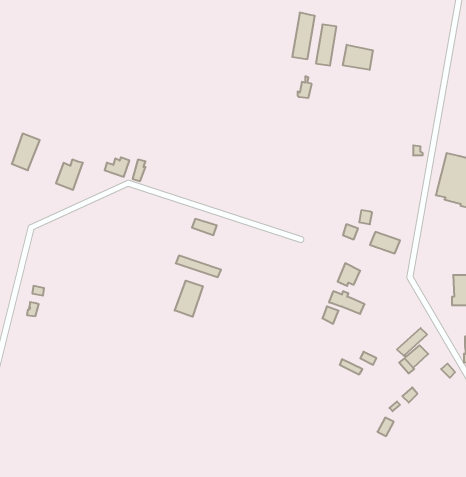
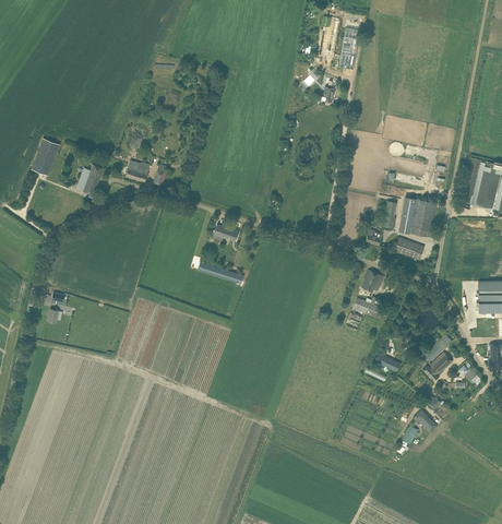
building: [343,45,373,70] -> none
building: none -> [398,196,437,237]
building: [175,281,203,317] -> none

